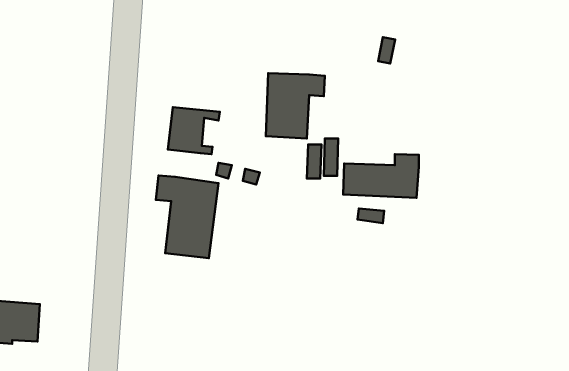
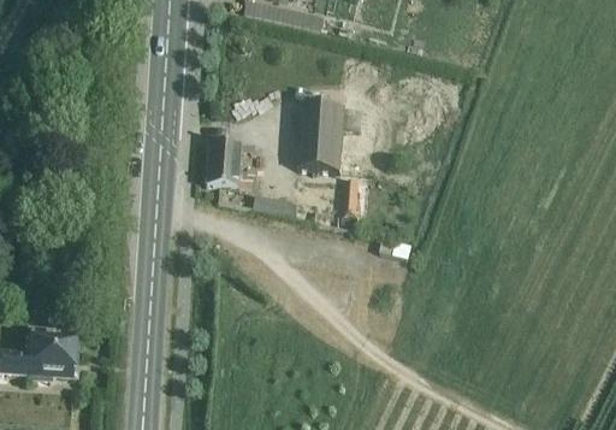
building: [343,154,419,198] -> none
building: [156,175,219,258] -> none

